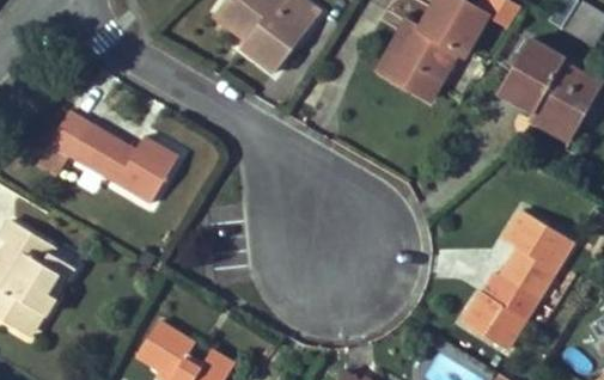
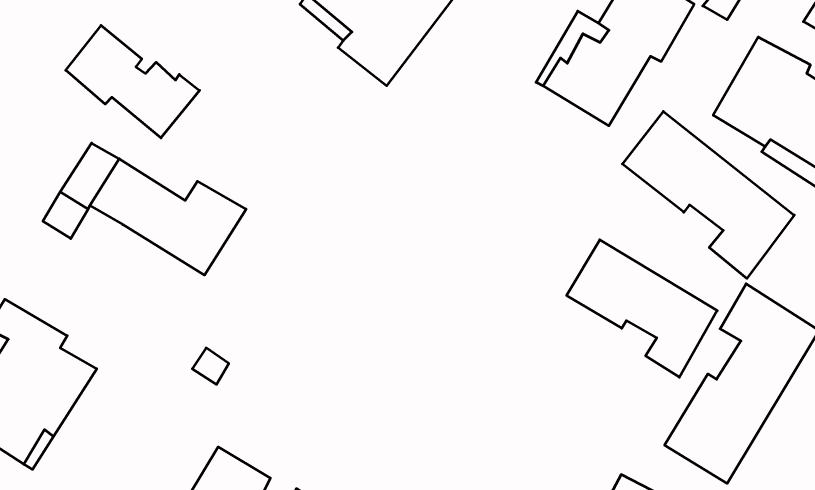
building: none -> [66,25,200,138]
building: none -> [622,111,794,278]
building: none -> [567,240,717,377]

